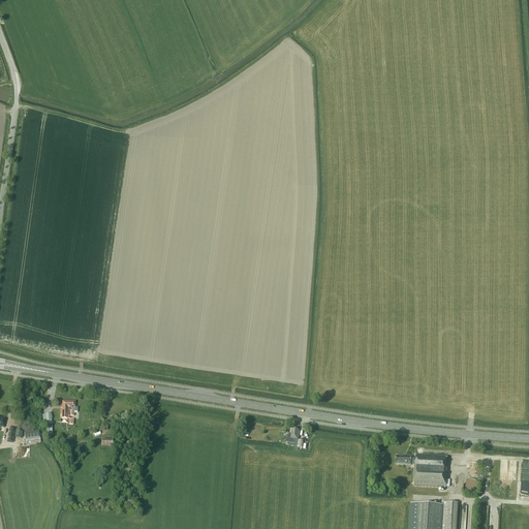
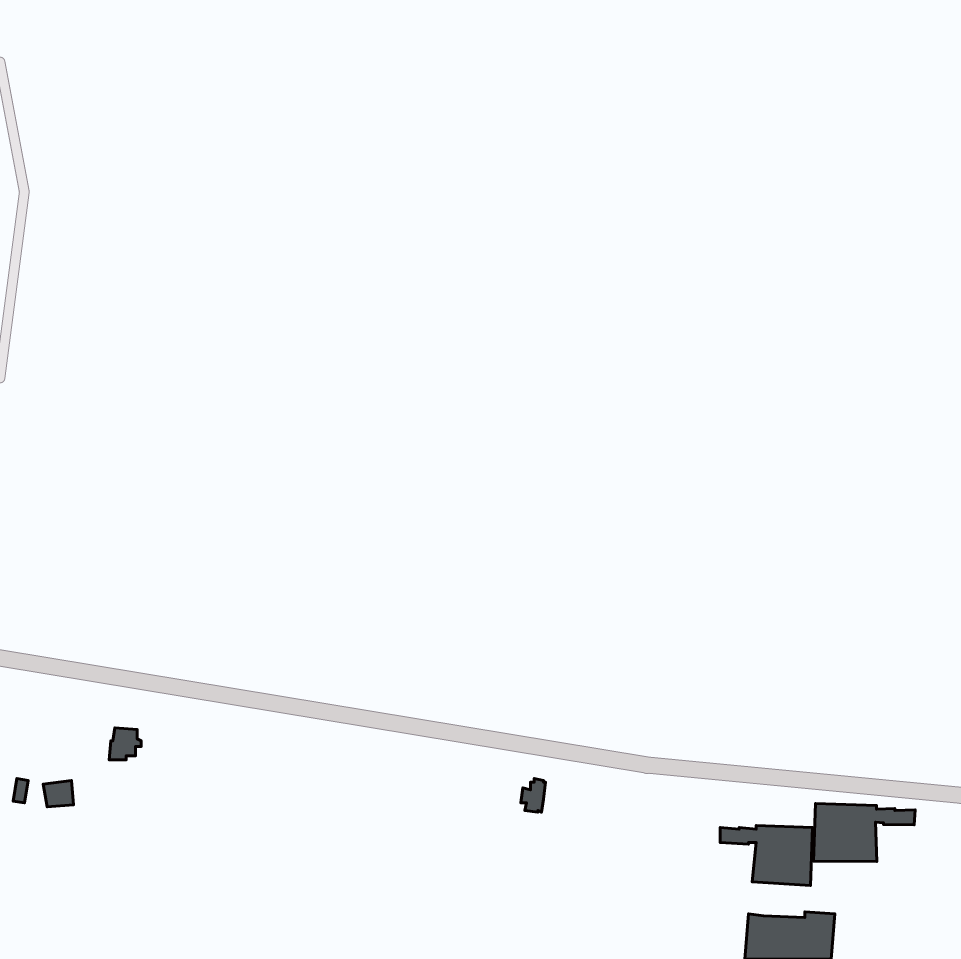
building: none -> [813,804,915,861]

